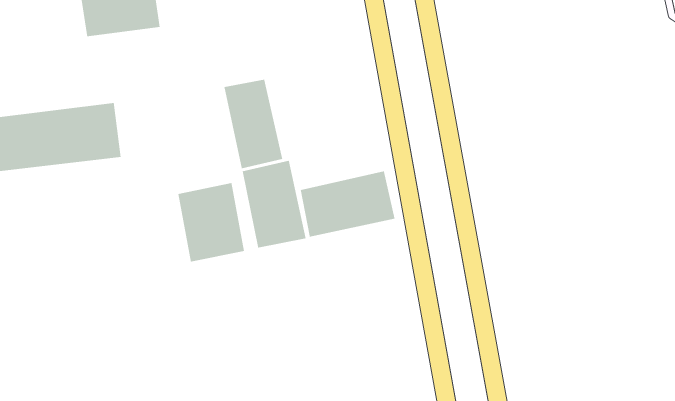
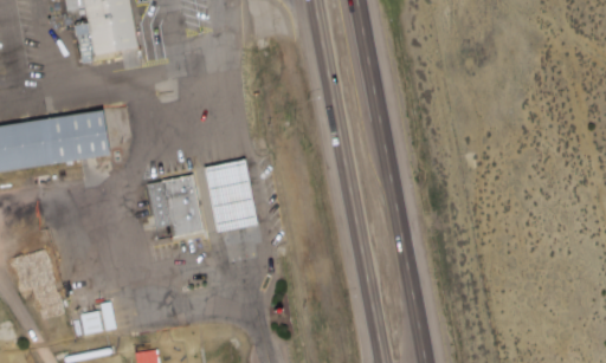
building: [224,79,283,169] -> none
building: [300,171,395,237] -> none

